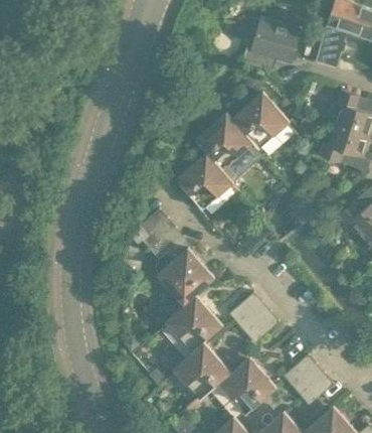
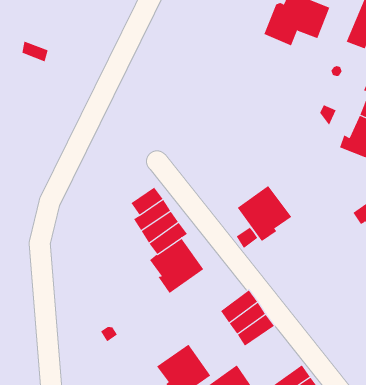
building: [237,95,287,147] -> none
building: [201,116,250,168] -> none
building: [181,156,231,207] -> [237,185,292,242]
building: [170,298,220,350] -> none

